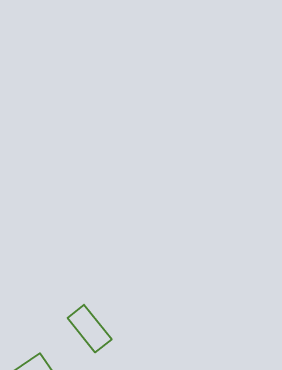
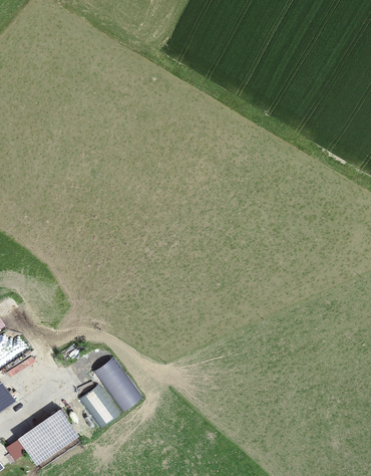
building: none -> [81,380,123,425]

